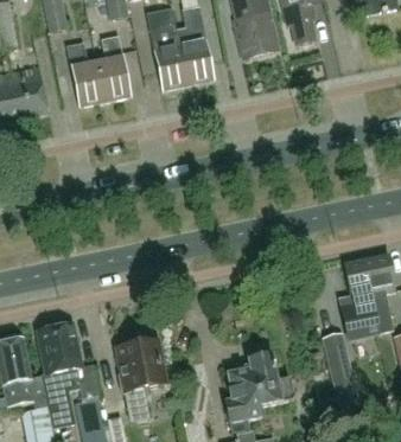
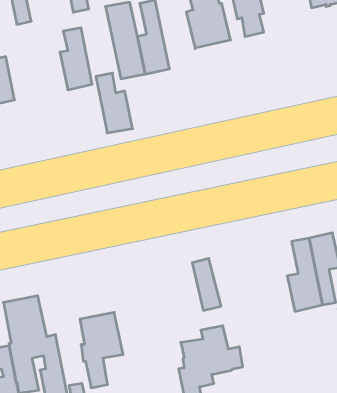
building: [65,41,104,105] -> [96,73,133,133]
building: [323,332,354,387] -> [192,258,221,310]

